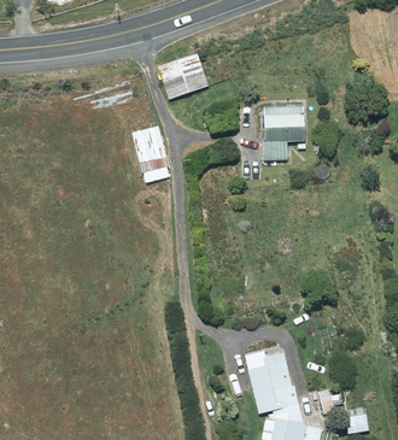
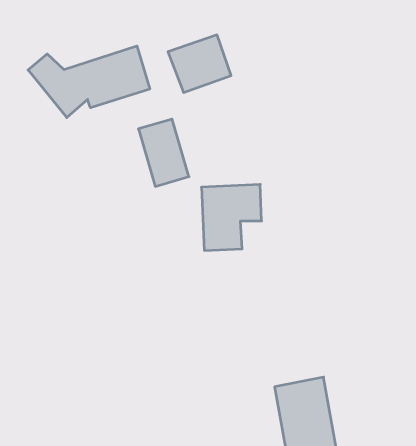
building: none -> [28,46,150,118]
building: [253,107,305,164] -> [201,184,262,250]

